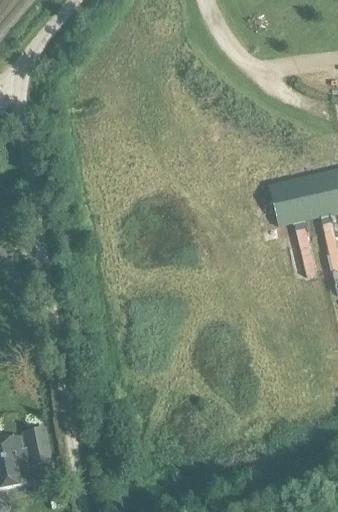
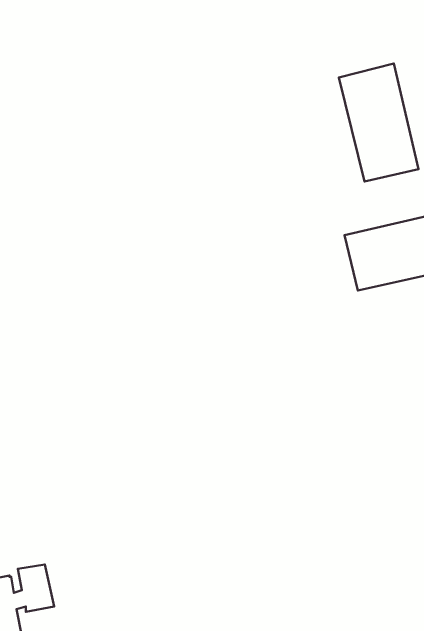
building: none -> [339,64,419,181]

